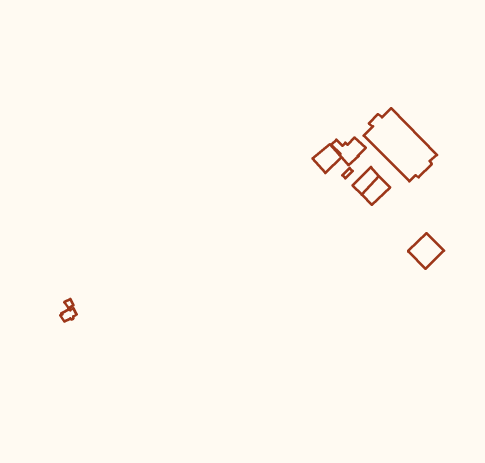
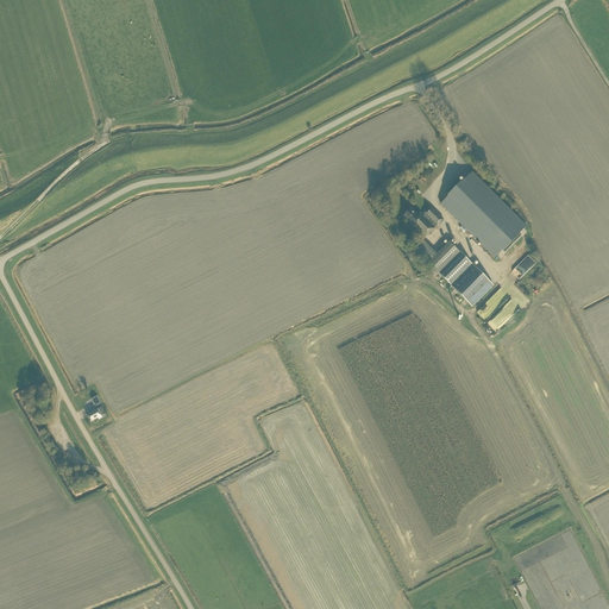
building: [313,144,342,173] -> none
building: [408,233,444,269] -> [451,264,492,306]

